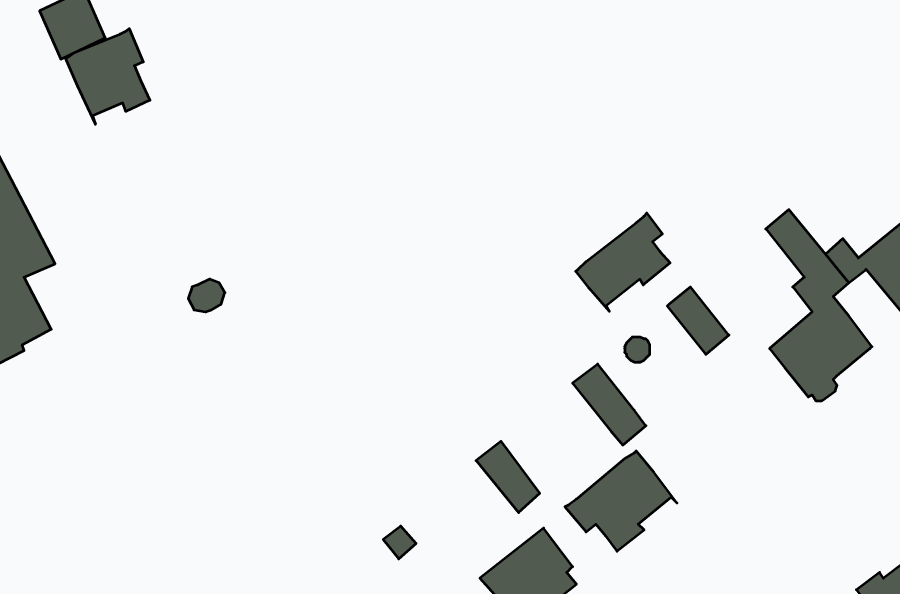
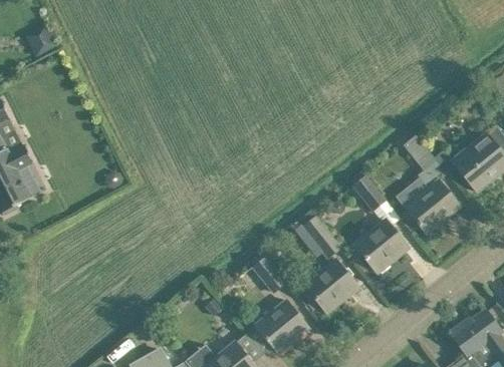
building: [65,29,150,124] -> none
building: [576,213,670,311] -> none
building: none -> [354,221,408,273]

